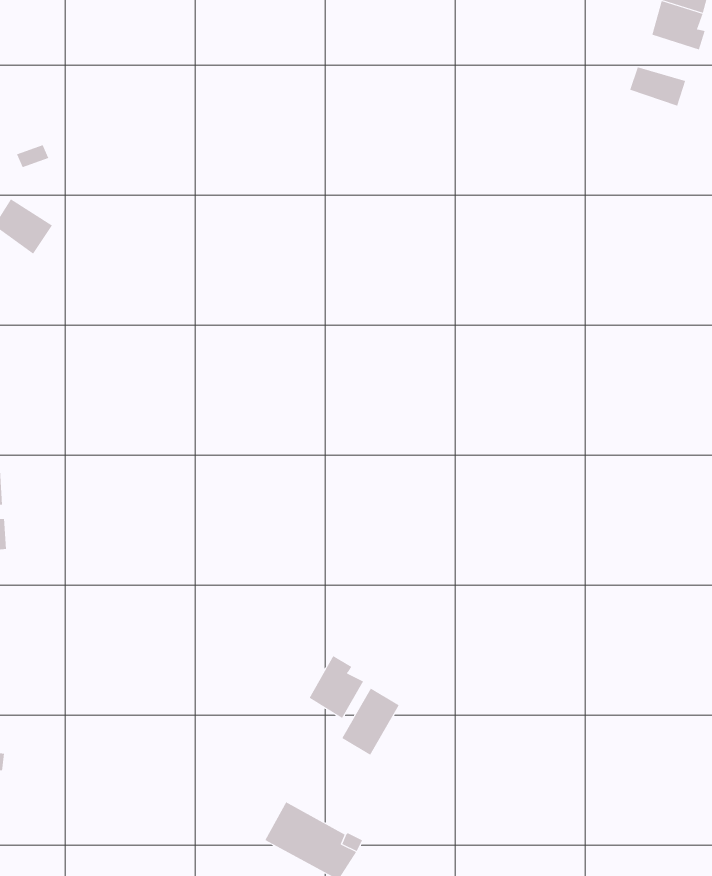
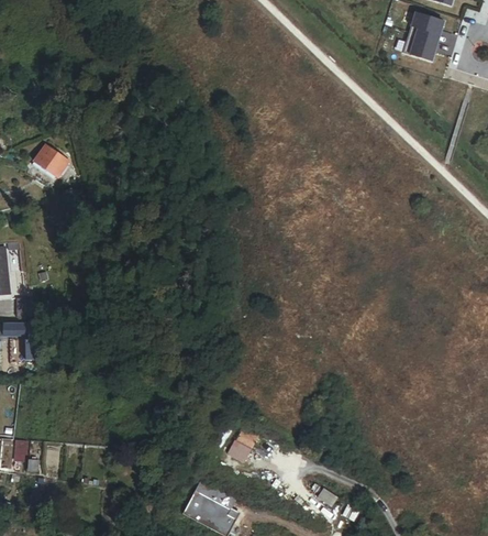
building: [629,66,686,106] -> none
building: [309,655,364,719] -> none

